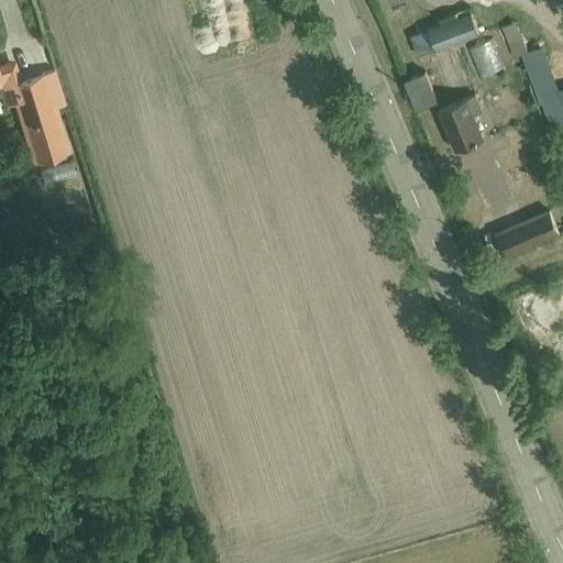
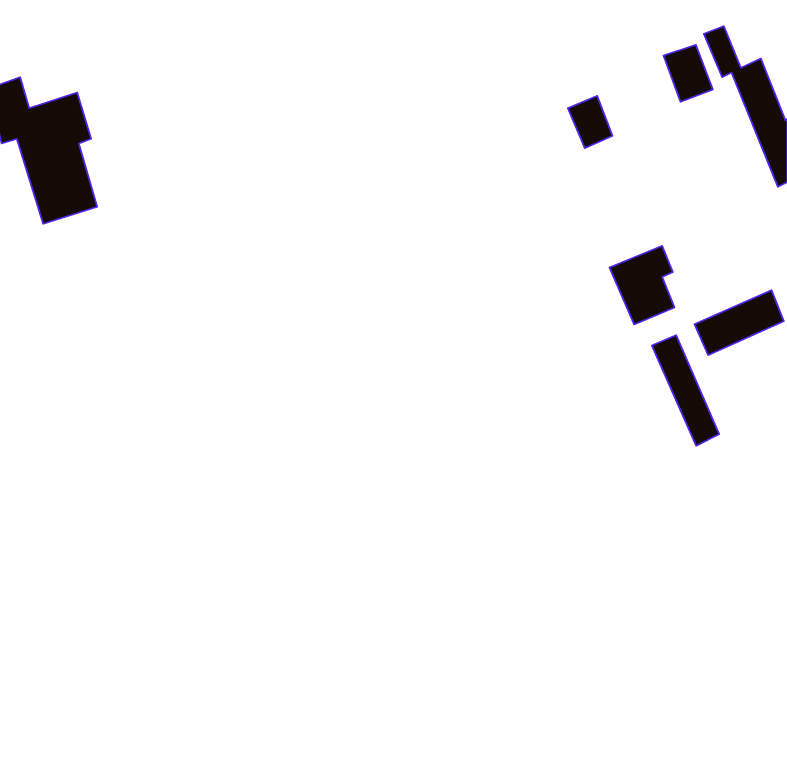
building: [409,13,479,59] -> none
building: [438,96,484,152] -> [610,246,674,325]
building: none -> [652,335,719,446]

